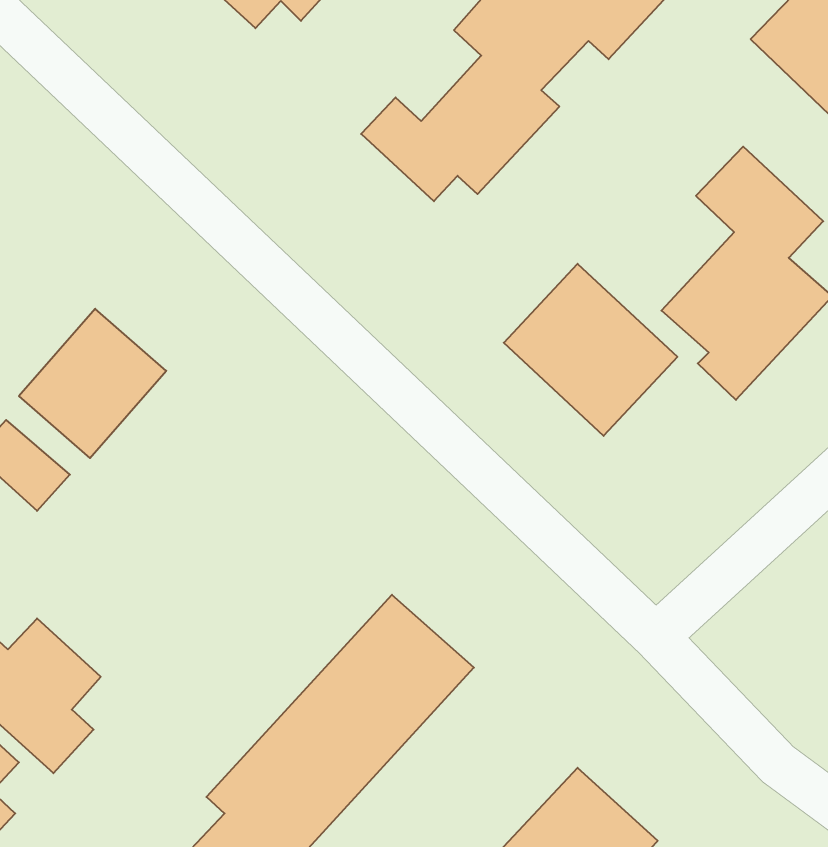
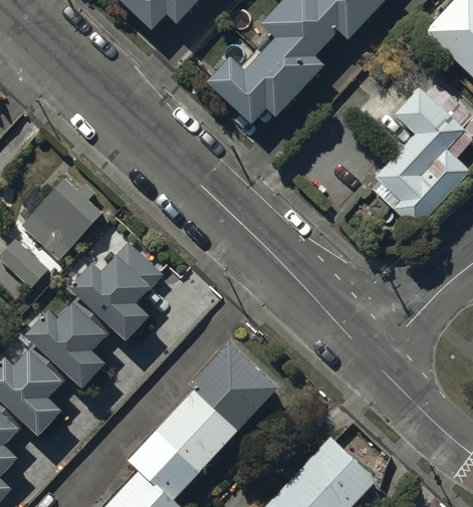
building: [504,264,677,436] -> none
building: none -> [69,243,164,340]
building: none -> [24,303,108,389]

